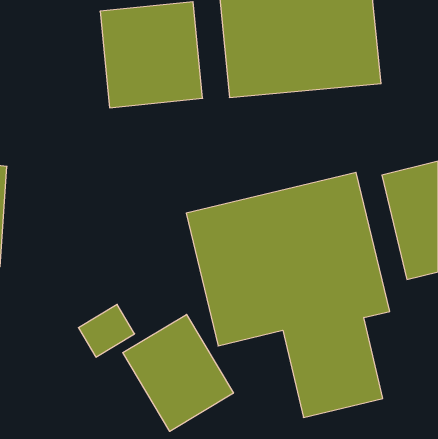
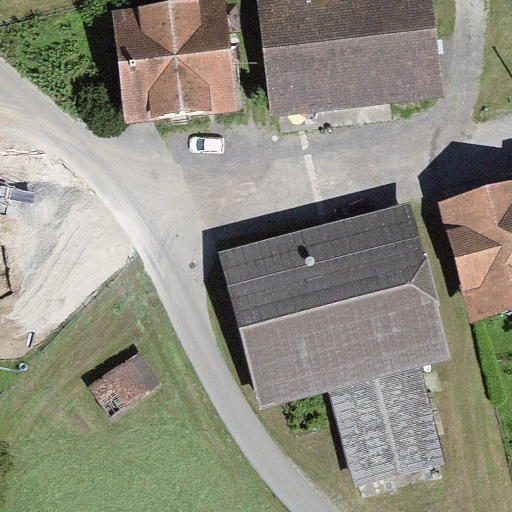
building: [123,314,233,431] -> none

